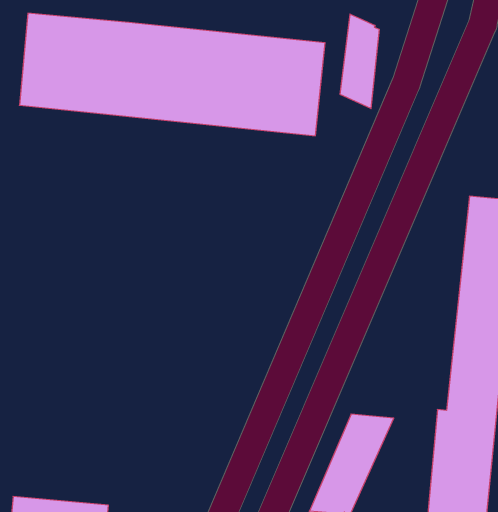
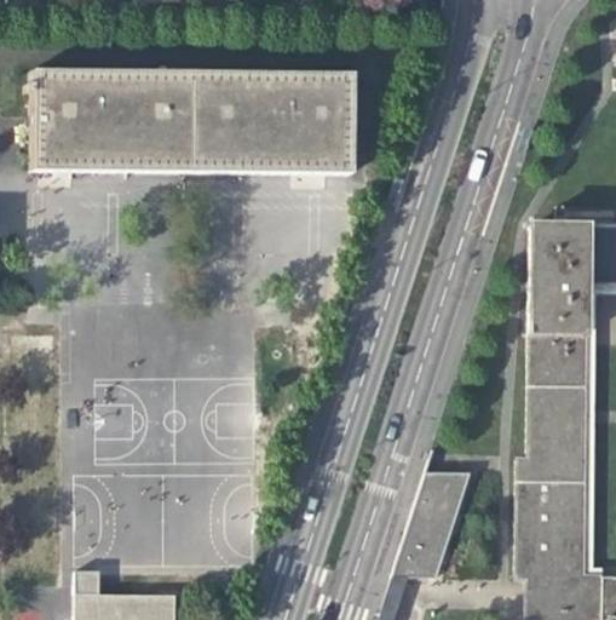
building: [340,14,379,109] -> none

